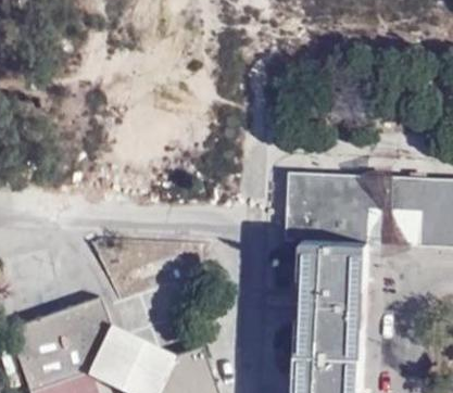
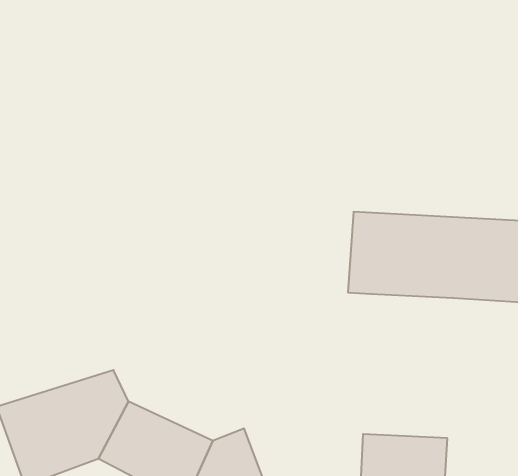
building: [295,238,367,353] -> none

